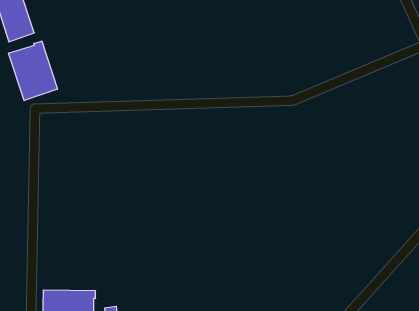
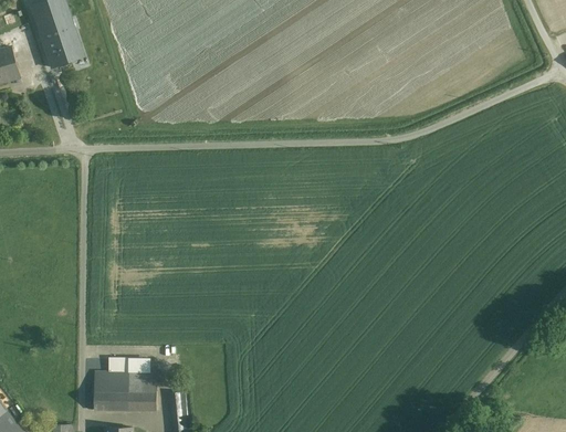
building: [9,41,57,101] -> none

